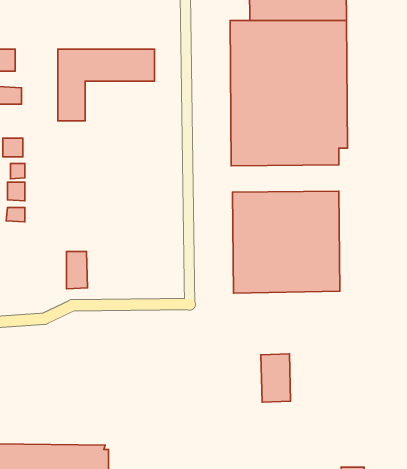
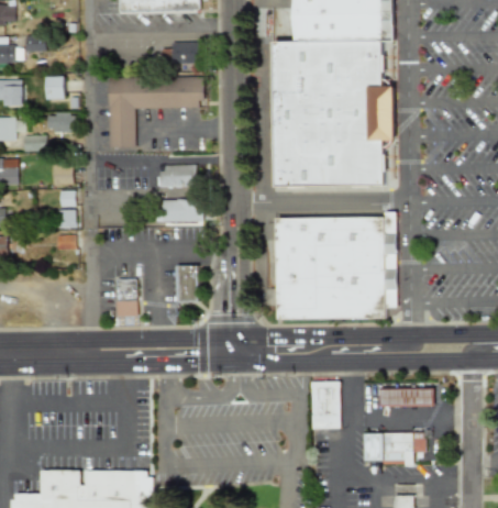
building: none -> [159,41,198,64]
building: none -> [156,165,193,187]
building: none -> [159,198,200,222]
building: none -> [174,265,197,302]
building: none -> [378,387,431,406]
building: none -> [365,433,423,460]

